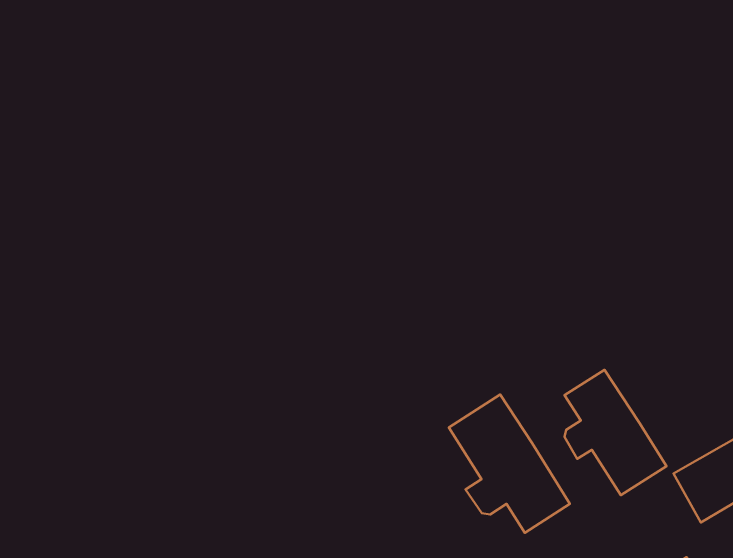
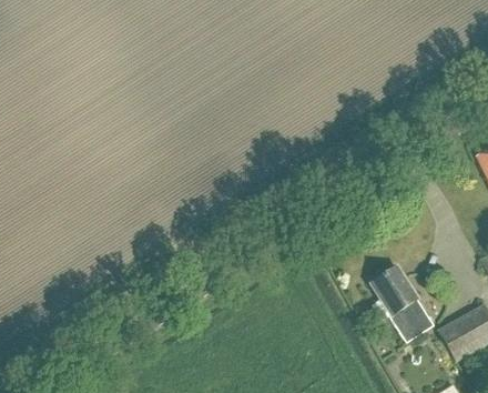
building: [449,395,570,533] -> none

